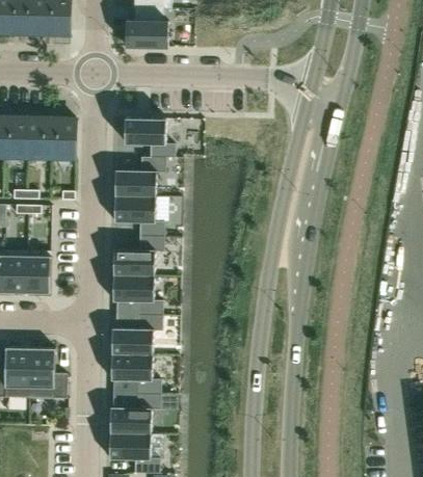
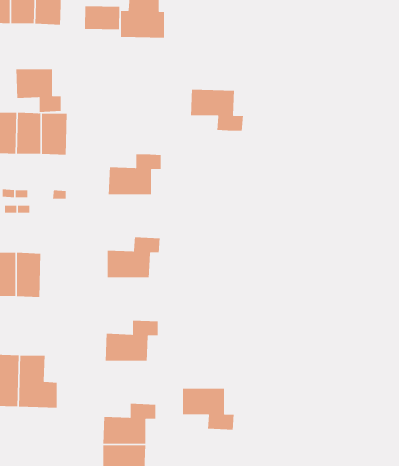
building: none -> [84,5,120,30]
building: none -> [15,69,61,113]
building: [125,117,176,158] -> [190,89,244,132]
building: [114,196,164,237] -> none
building: [112,275,162,316] -> none
building: [111,354,161,395] -> [182,388,235,430]

